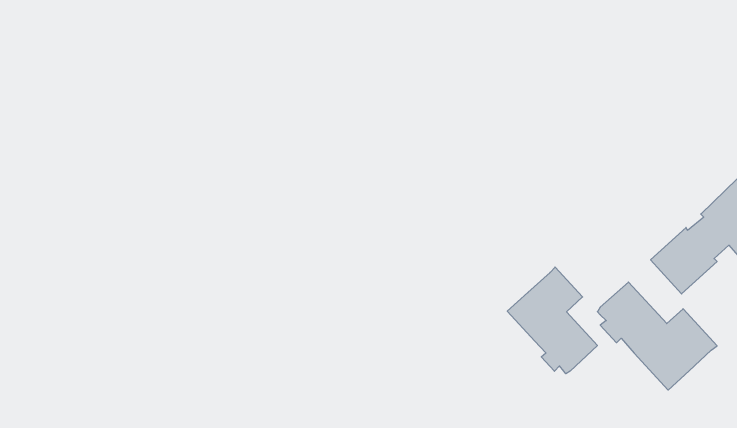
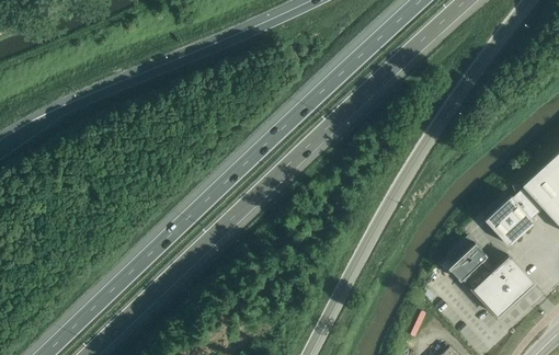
building: [507,267,597,374] -> none

